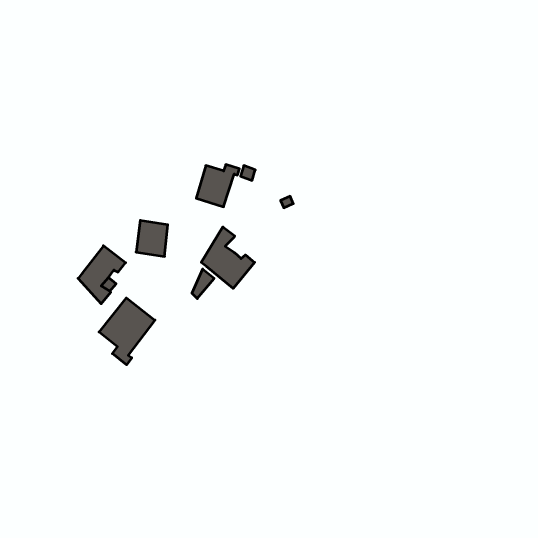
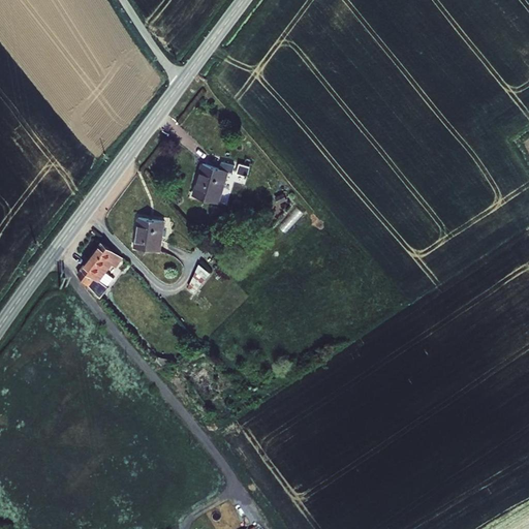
building: [201,227,255,288] -> none
building: [99,298,155,365] -> none

